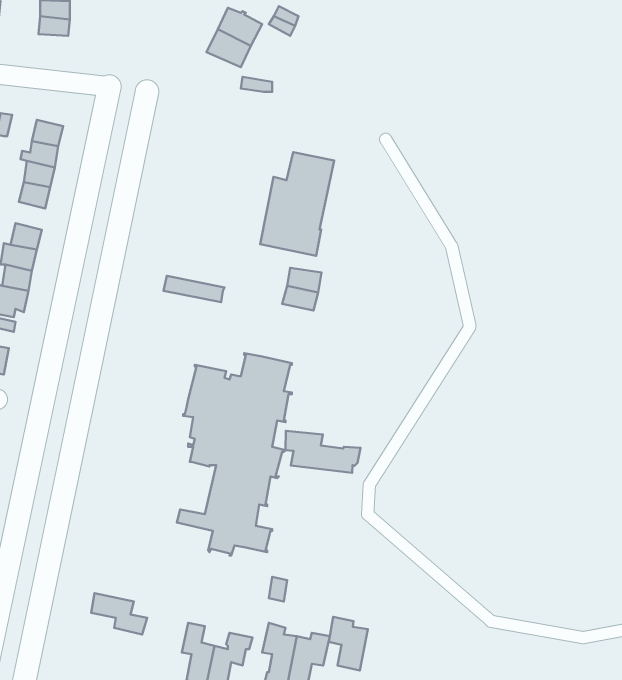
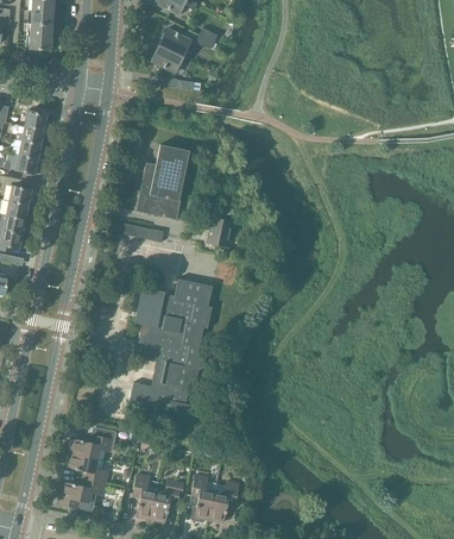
building: [260,152,334,256] -> [137,144,190,219]
building: [285,431,360,473] -> none
building: none -> [70,425,116,458]
building: [329,617,368,670] -> none
building: none -> [59,477,105,509]

